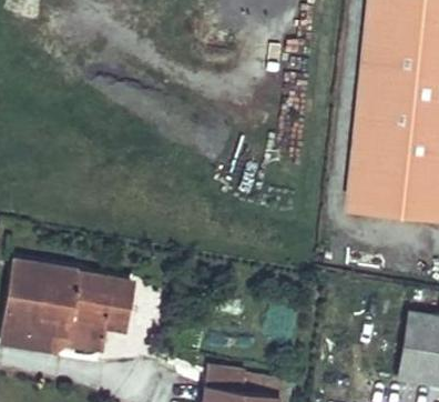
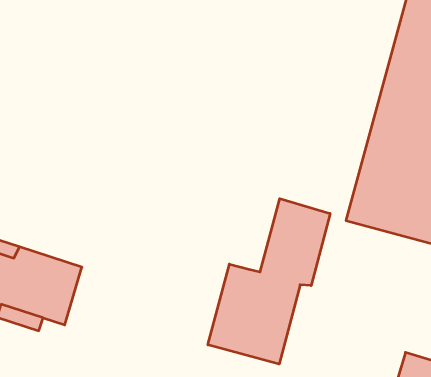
building: none -> [208,199,330,364]

